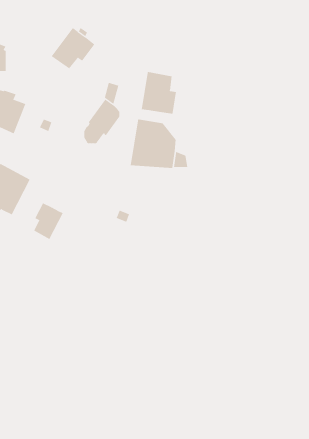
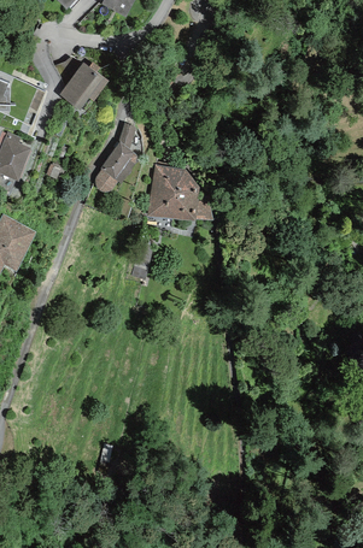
building: [141,71,176,115] -> none
building: [34,203,63,240] -> none

